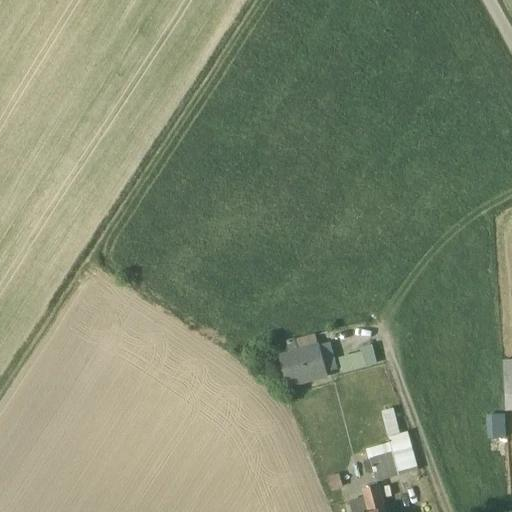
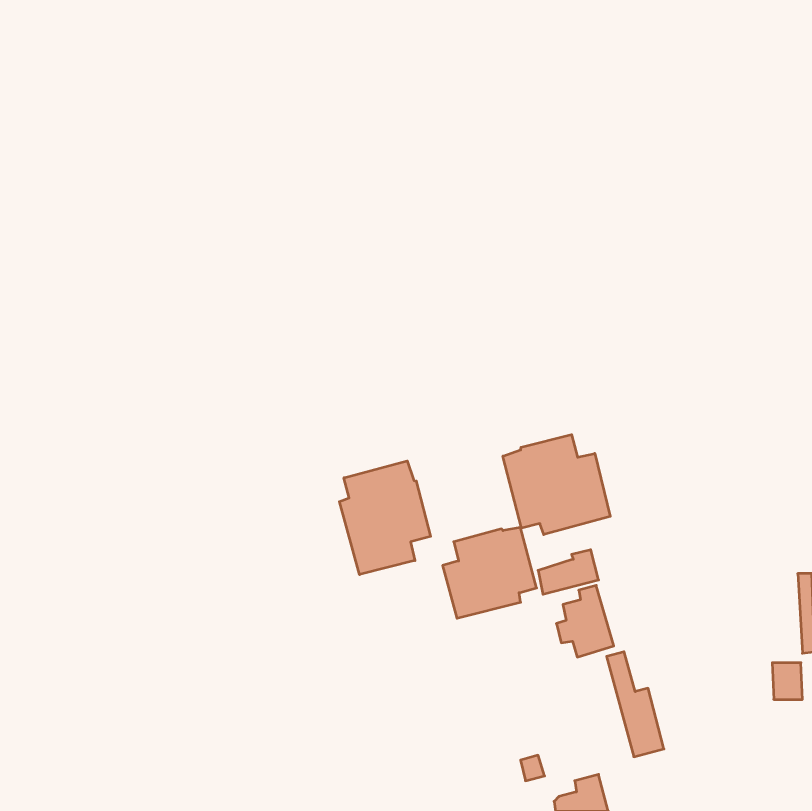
building: none -> [503,435,610,535]
building: none -> [339,461,431,575]
building: [363,437,399,482] -> [556,585,614,657]

